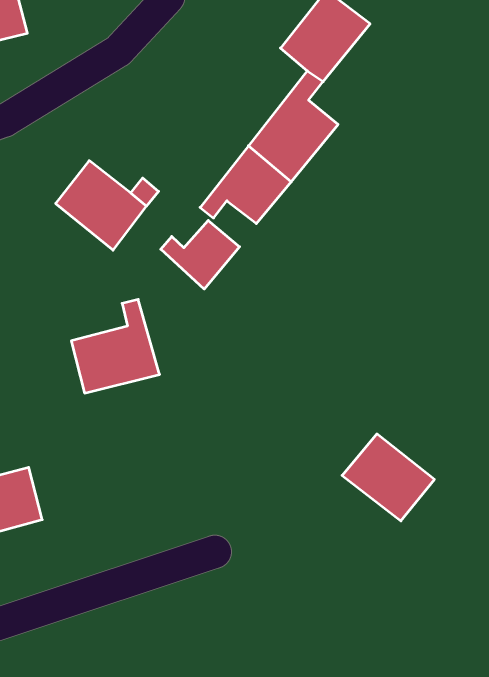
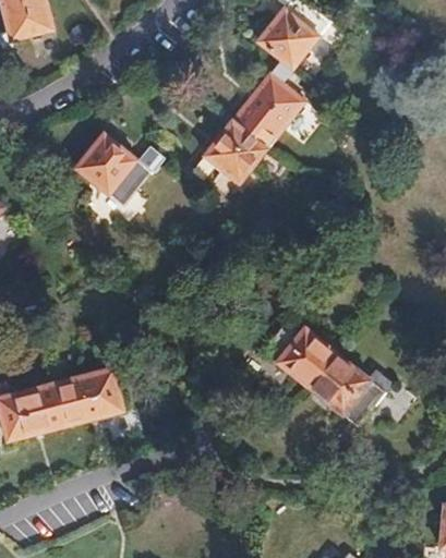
building: [161,220,240,289] -> none
building: [71,299,160,393] -> [53,349,125,425]
building: none -> [262,317,337,389]

